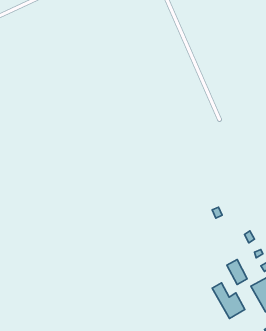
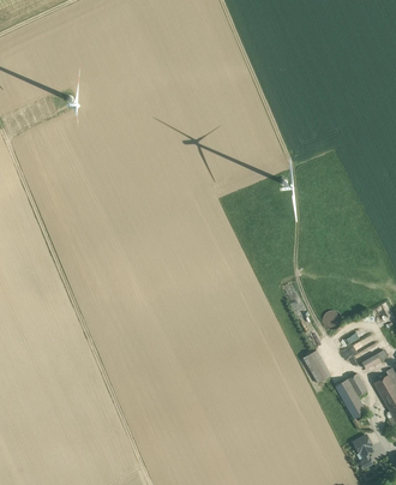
building: [212,283,245,319] -> none

